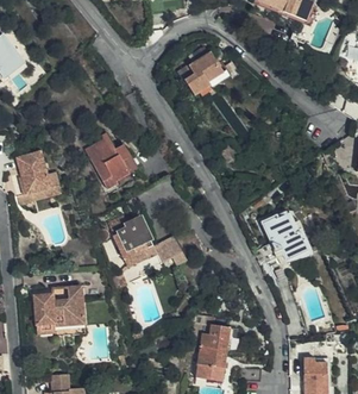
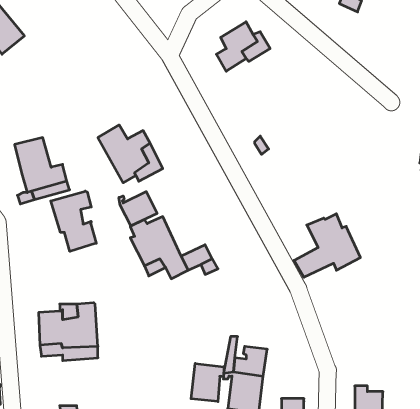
building: none -> [51,191,96,251]
building: none -> [119,192,157,226]
building: none -> [191,363,224,402]

